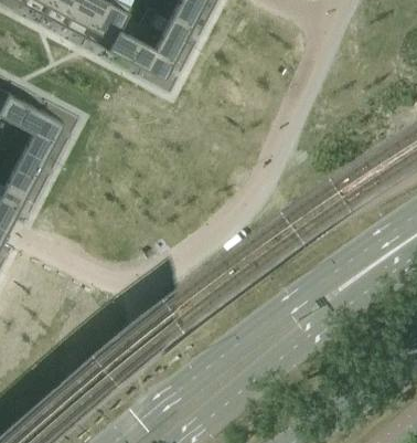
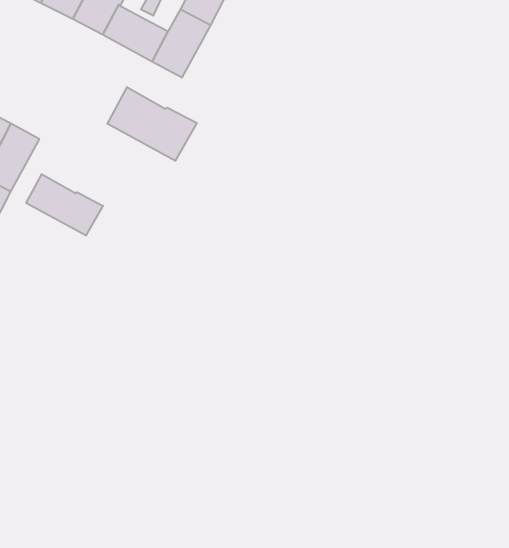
building: none -> [107,87,197,161]
building: none -> [26,174,103,236]

